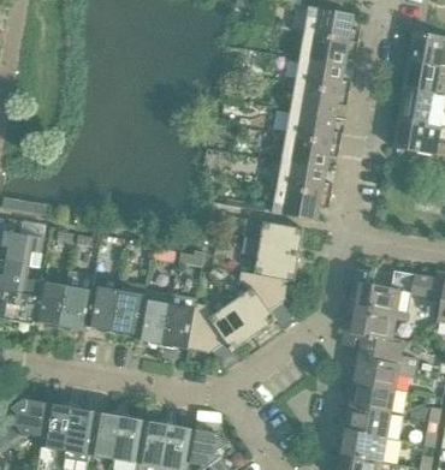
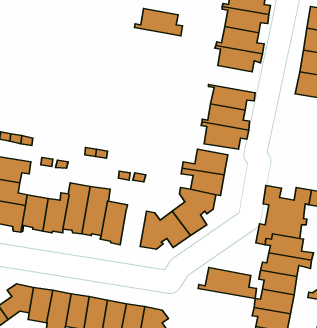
building: [278,109,342,145] -> [134,8,183,36]
building: [161,296,196,349] -> none
building: none -> [198,267,257,298]

